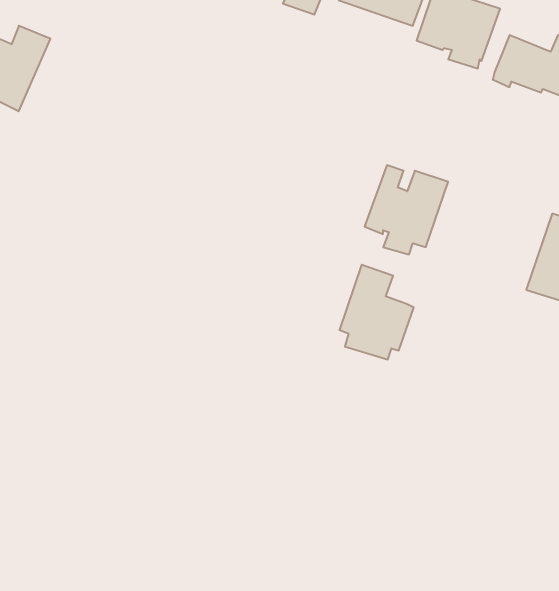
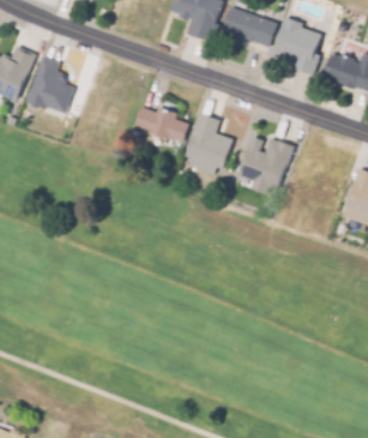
building: none -> [24,56,72,113]
building: none -> [134,107,188,142]
building: [339,265,414,360] -> [183,113,231,174]

